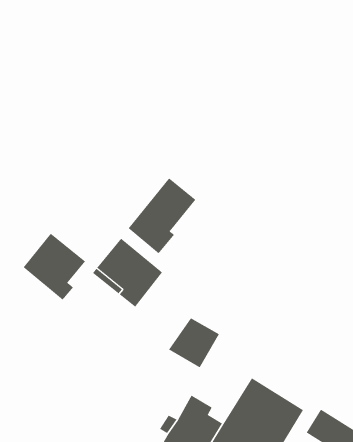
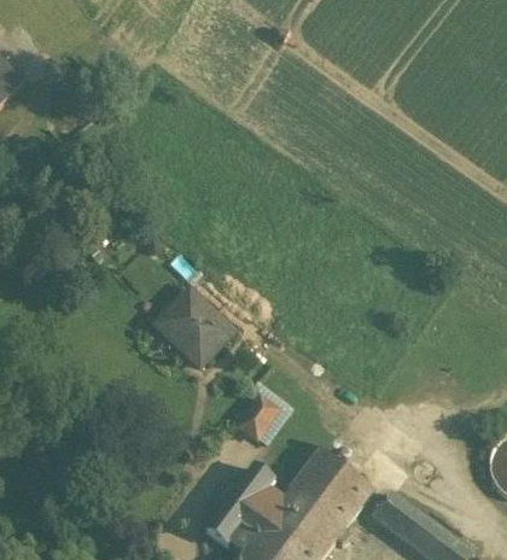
building: [128,177,196,254] -> none
building: [23,233,86,300] -> none

